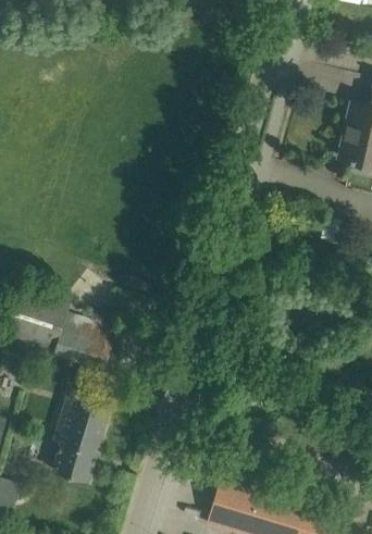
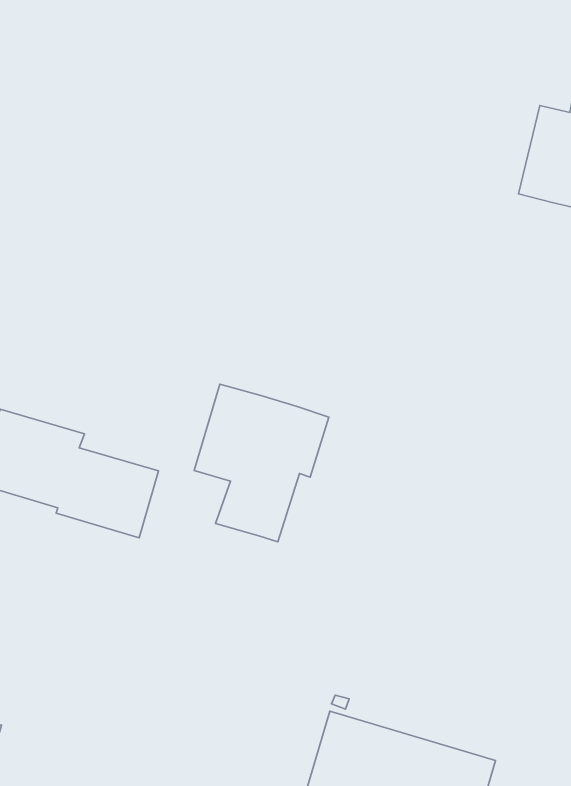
building: none -> [194,384,329,542]
building: [53,396,110,483] -> none

